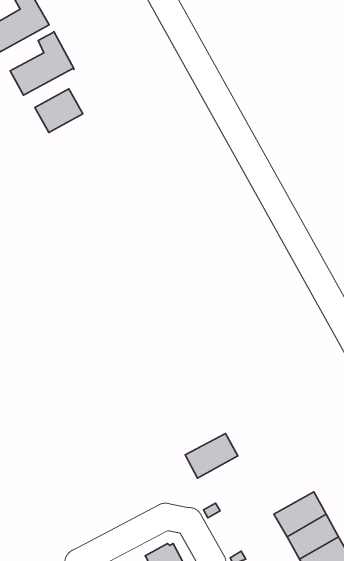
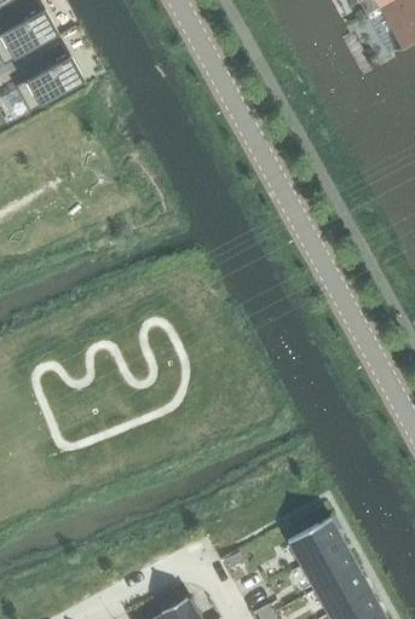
building: [35,89,83,132] -> none
building: [185,434,238,478] -> [287,517,344,566]

